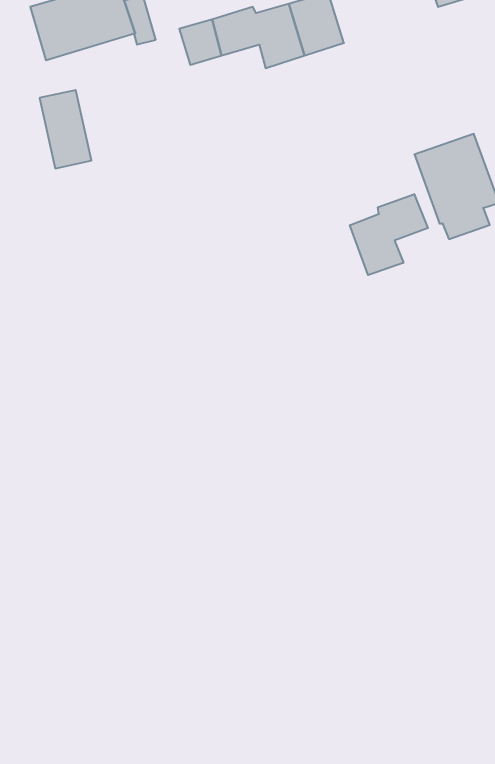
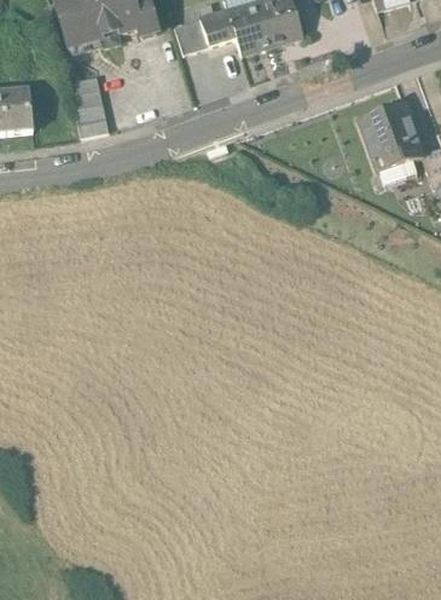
building: [350,194,428,275] -> none

